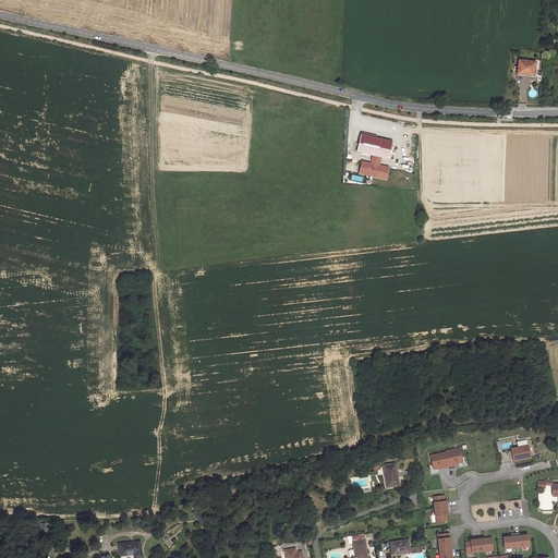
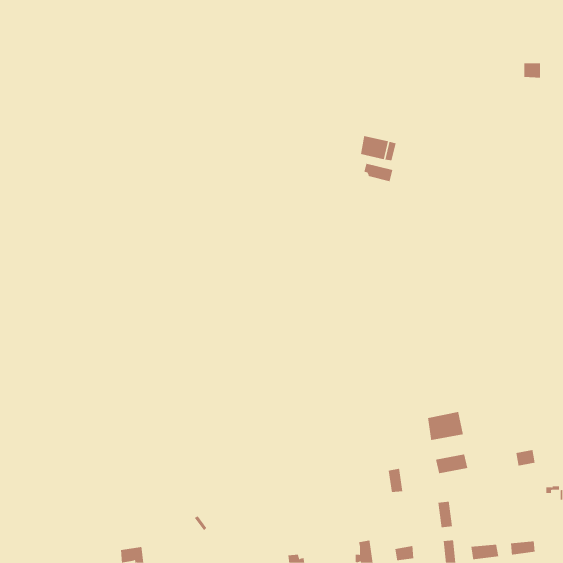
building: none -> [428,411,463,441]

